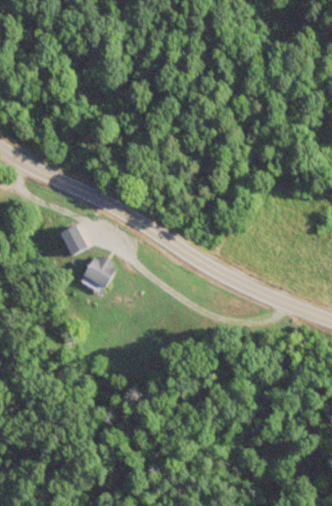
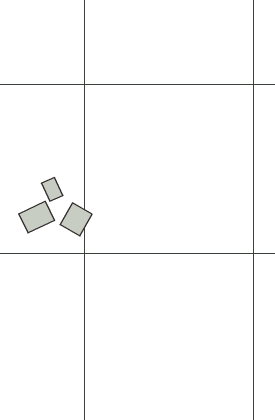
building: none -> [19,201,54,233]

